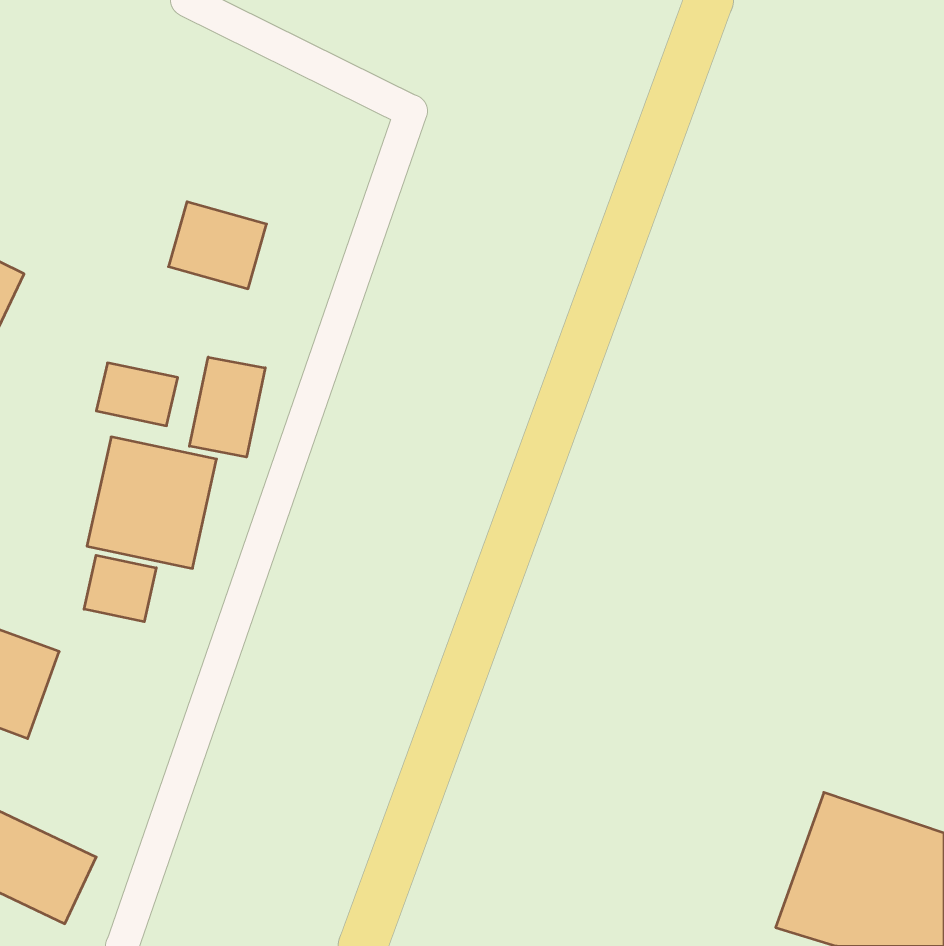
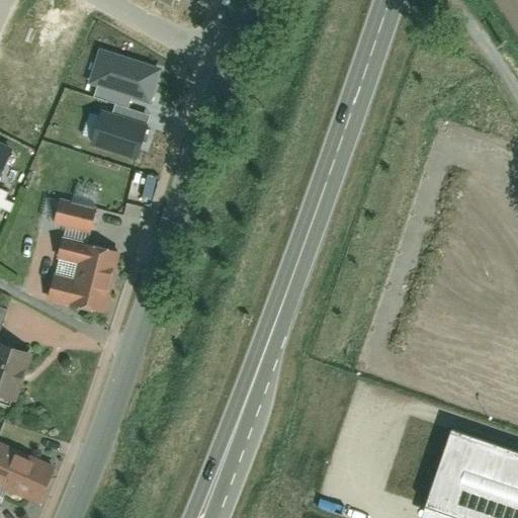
building: none -> [88,49,160,104]
building: [189,357,265,457] -> none
building: [84,555,156,622] -> none

